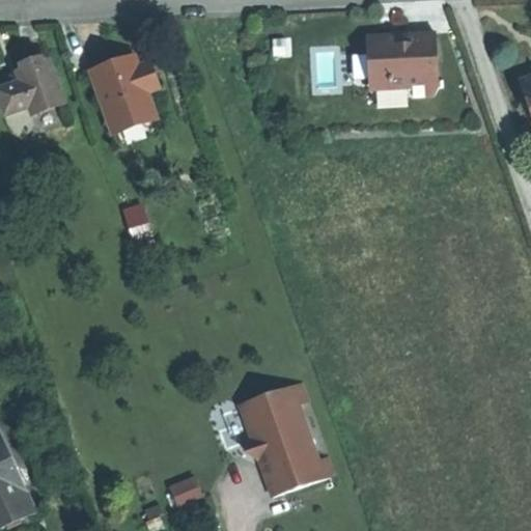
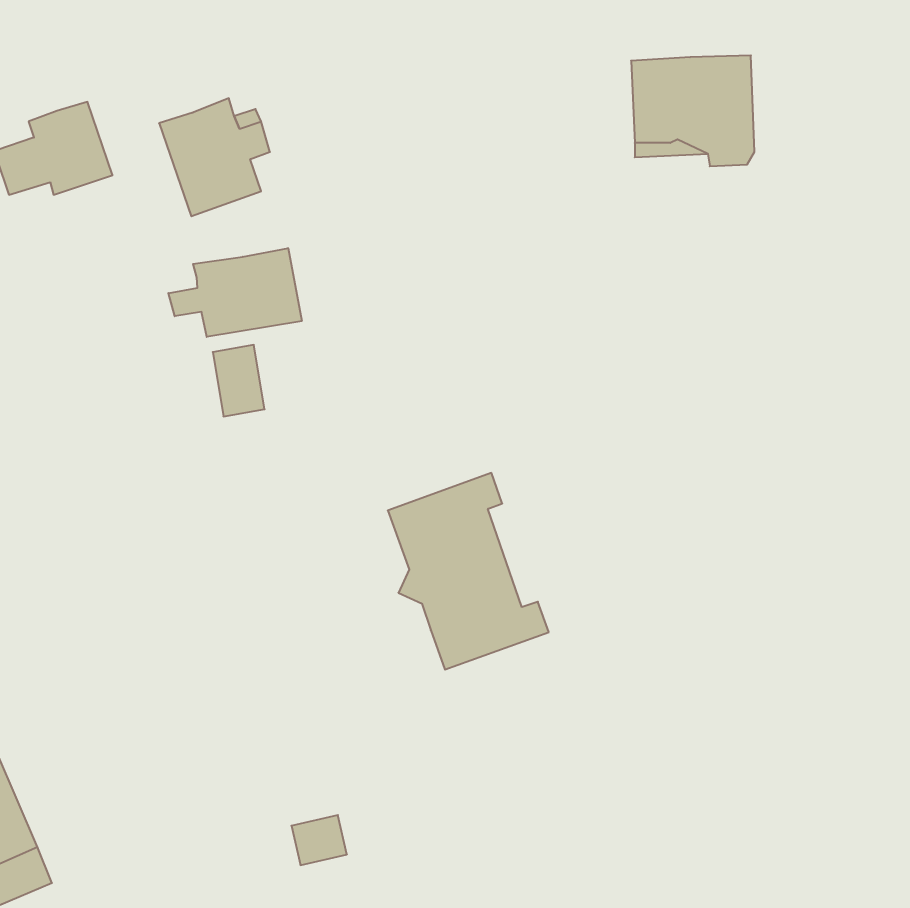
building: none -> [168,248,302,337]
building: [240,382,333,496] -> [388,473,549,670]

